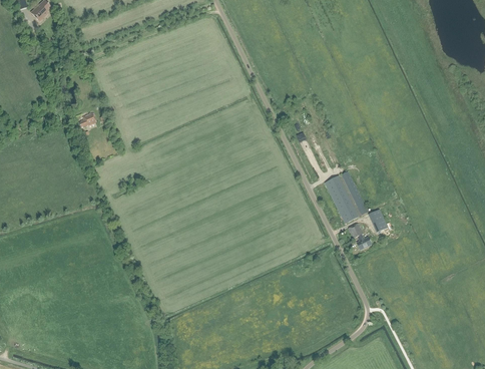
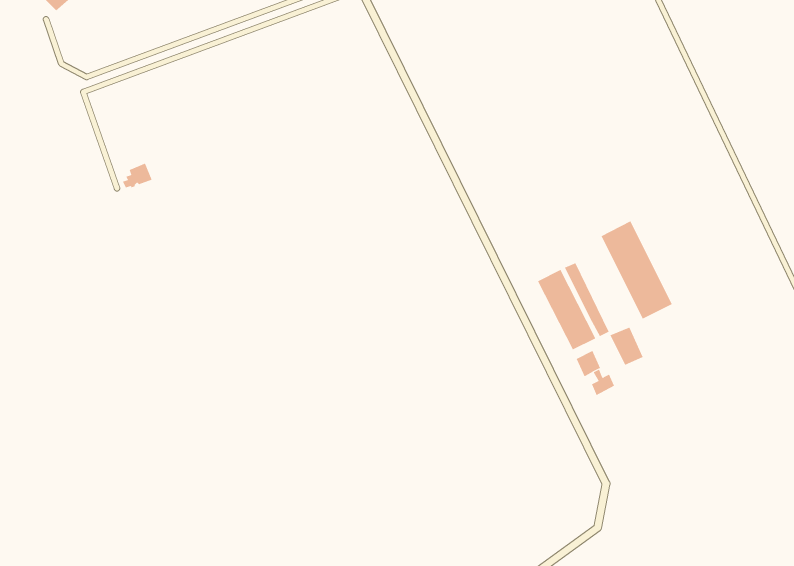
building: none -> [601,220,672,320]

